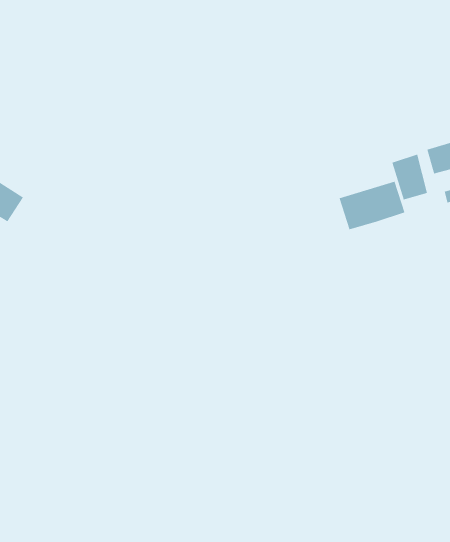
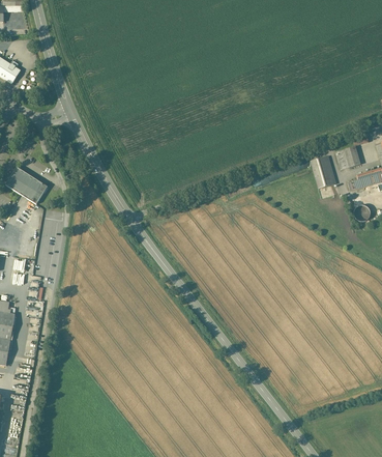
building: [339,181,405,230] -> none

